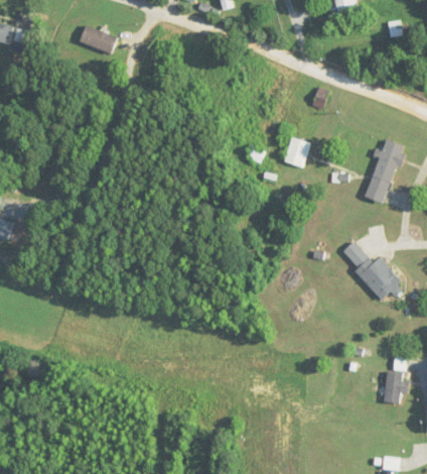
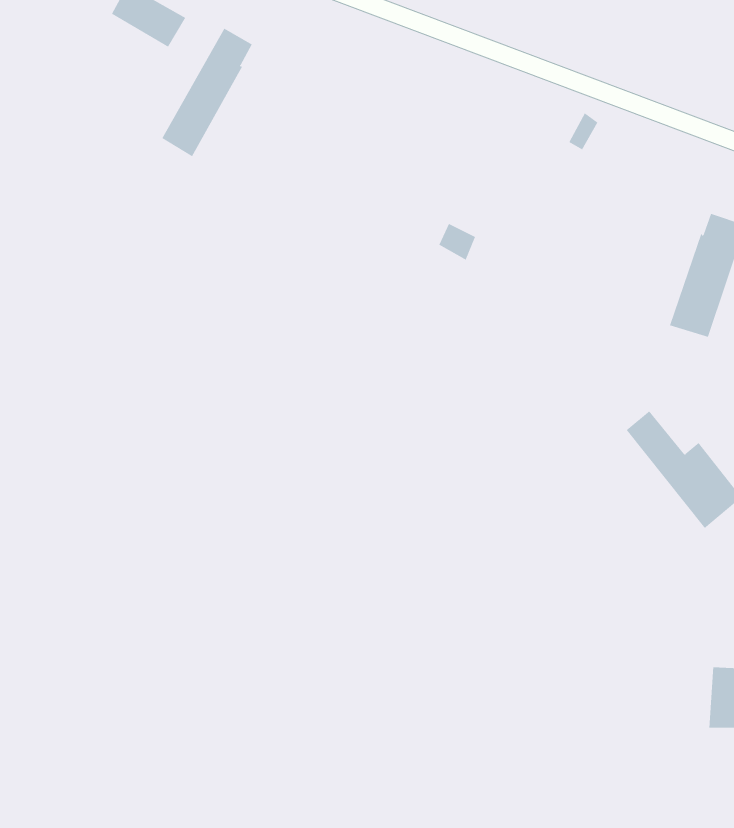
building: none -> [162,28,252,157]
building: [283,136,311,167] -> none

